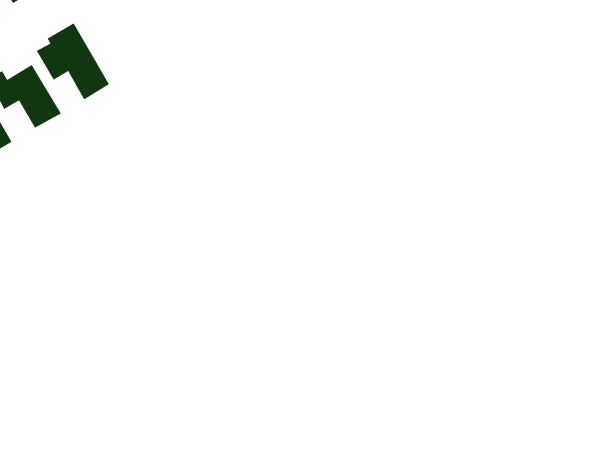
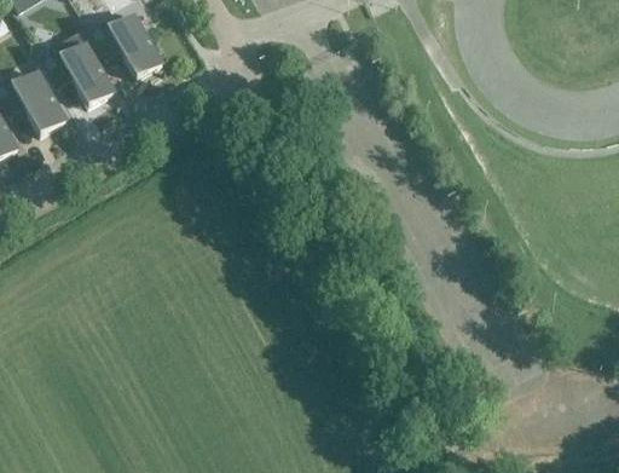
building: none -> [91,13,163,76]

